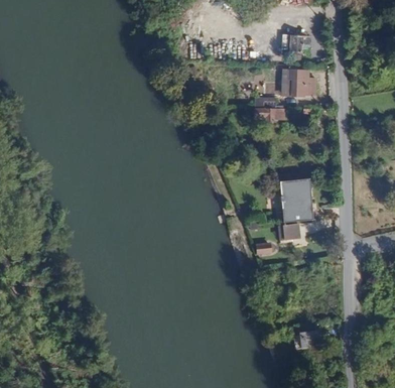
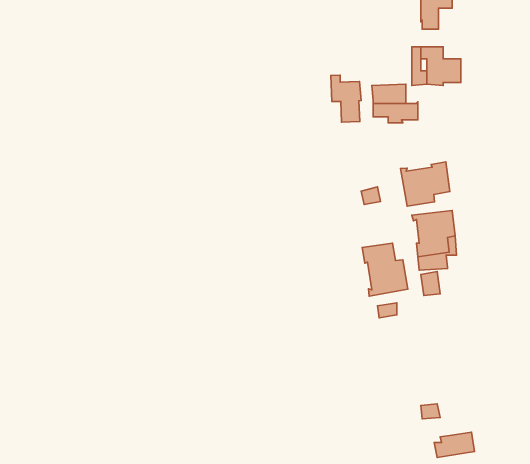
building: none -> [331,75,361,122]
building: none -> [400,162,450,206]
building: none -> [362,243,408,296]

